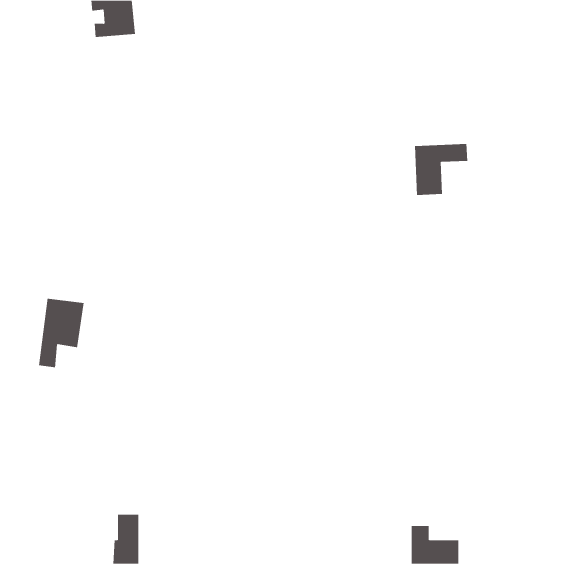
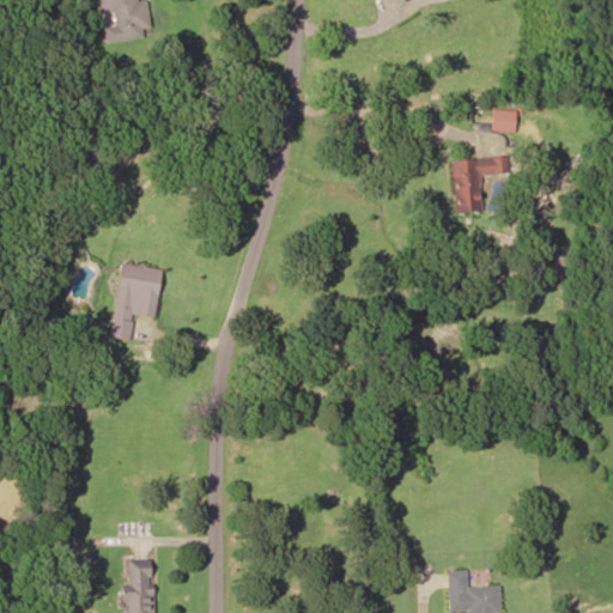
building: none -> [492,109,515,132]
building: [38,298,84,368] -> [111,263,162,339]

